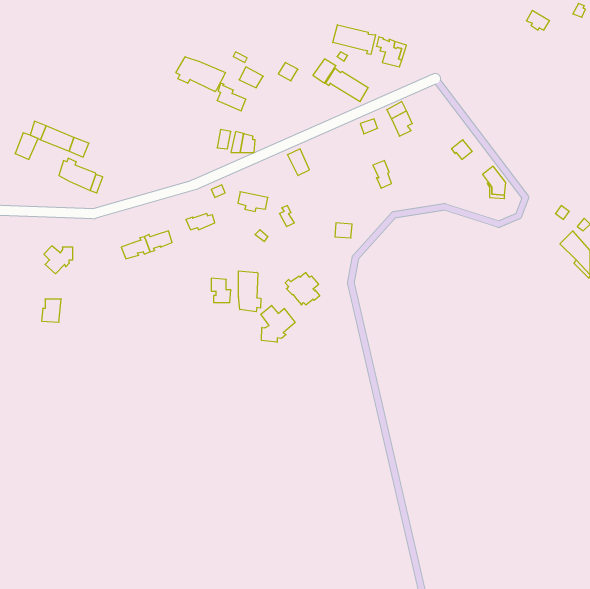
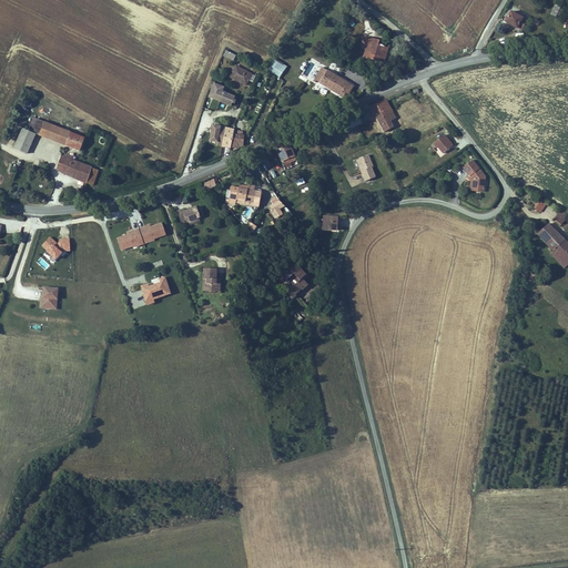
building: [333,25,376,54] -> none
building: [176,57,225,92] -> none
building: [239,271,261,312] -> none
building: none -> [141,276,171,305]
building: [261,305,295,342] -> none

